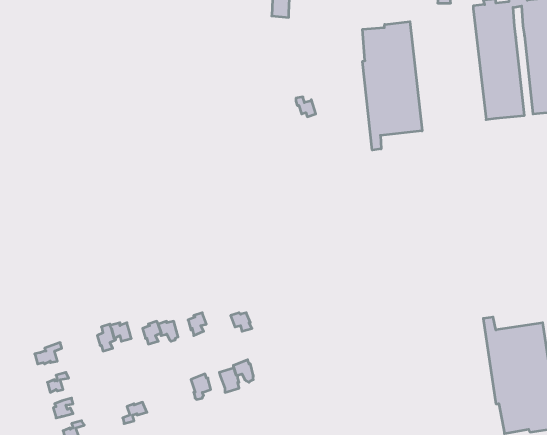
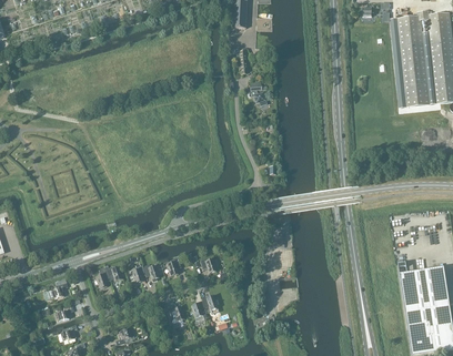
building: [363,22,422,150] -> none

